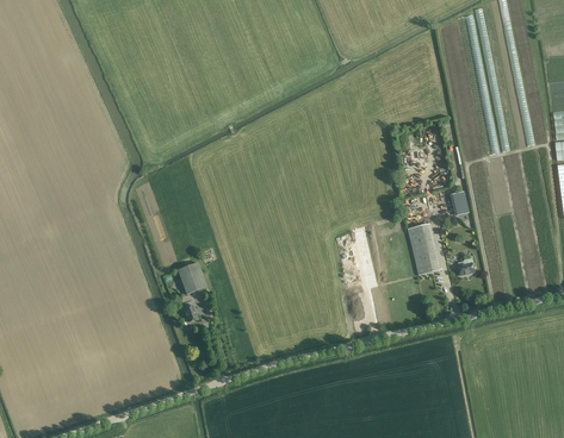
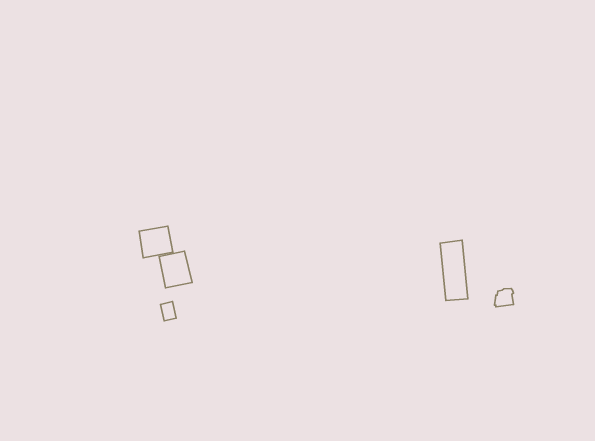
building: none -> [139,226,173,258]

